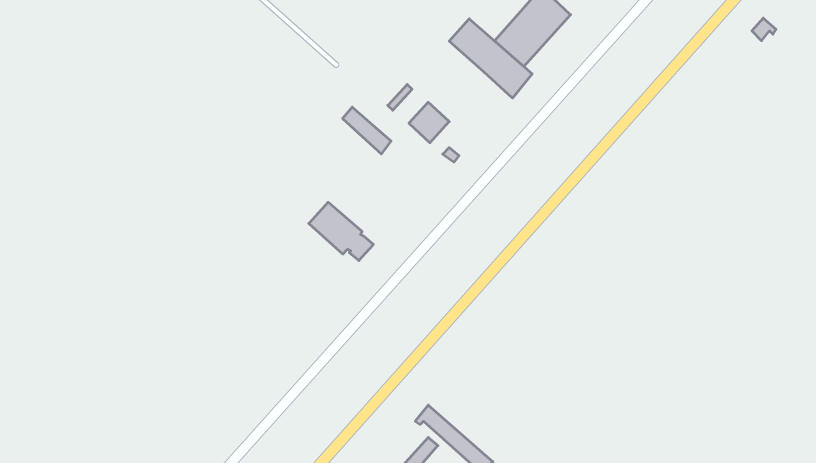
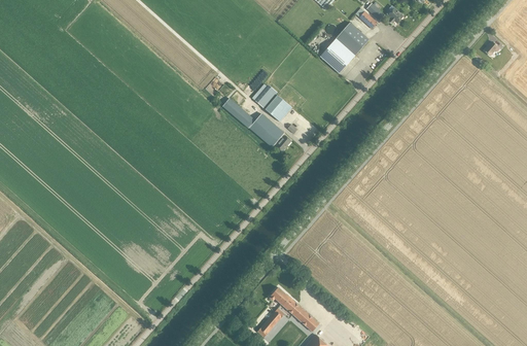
building: [449,19,532,98] -> none
building: [309,202,373,261] -> [250,113,291,150]

